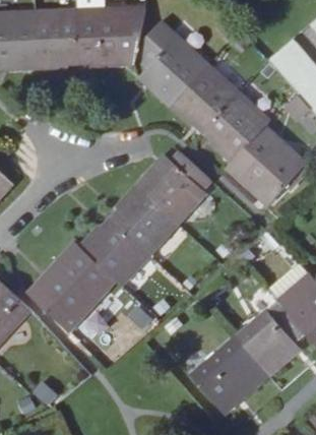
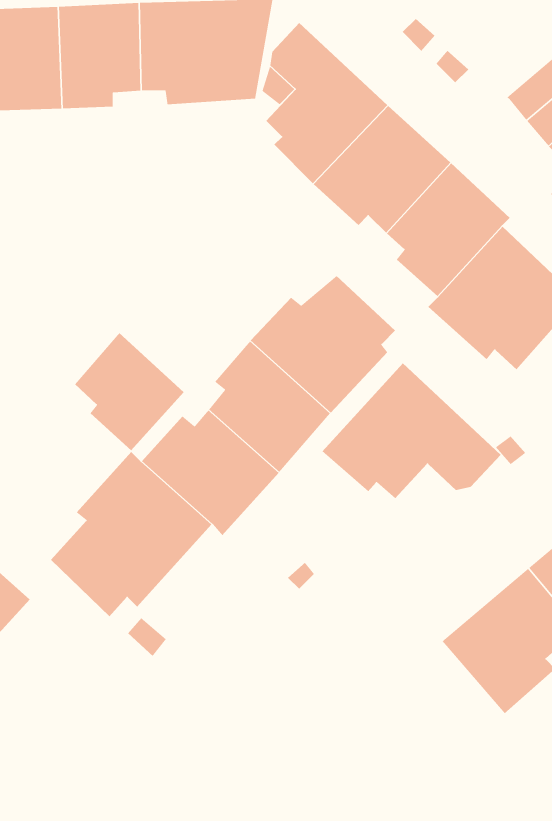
building: none -> [74,332,184,451]
building: none -> [321,363,501,499]
building: [190,339,265,408] -> none

